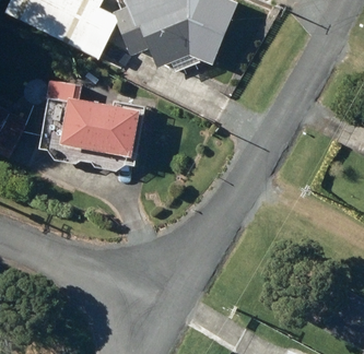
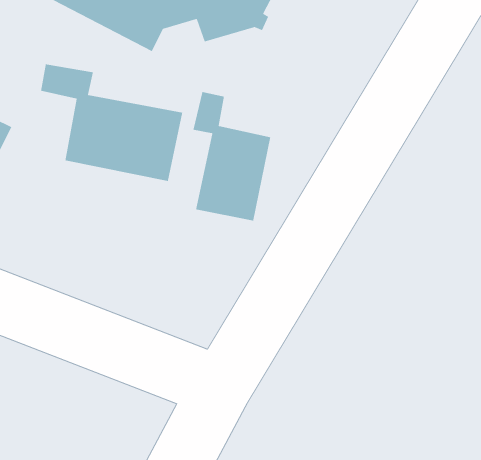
building: none -> [192,91,271,221]

